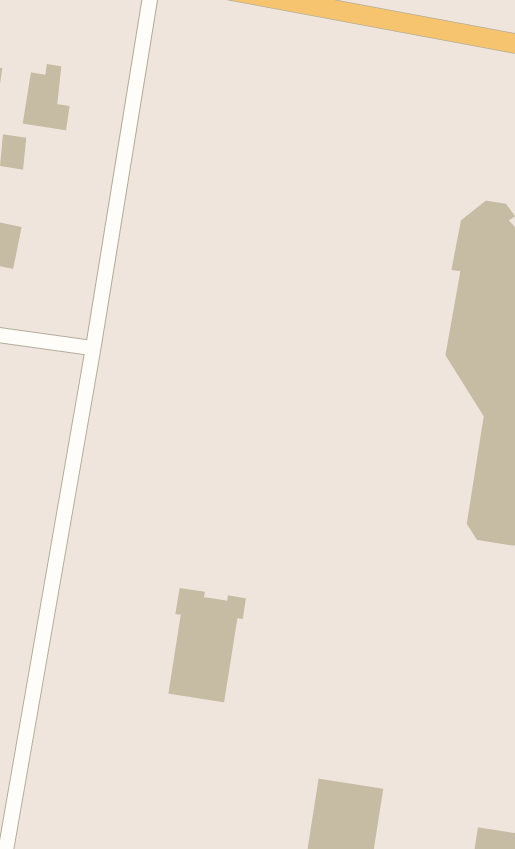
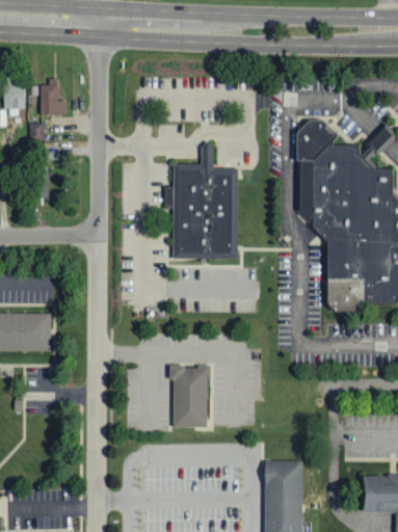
building: none -> [164,140,237,257]

